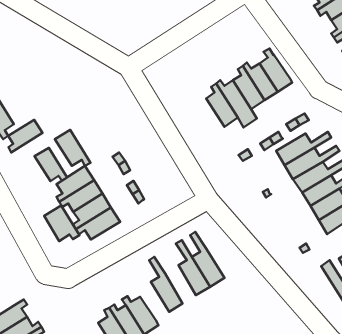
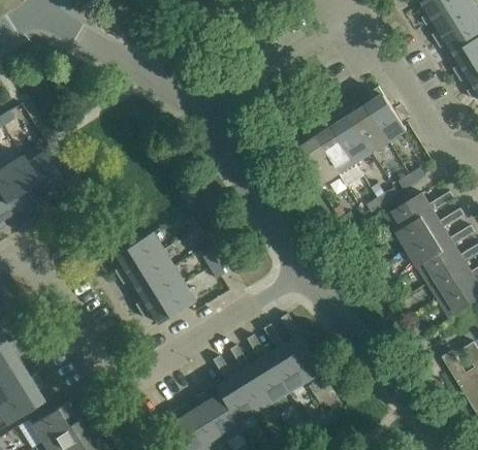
building: [8,120,42,152] -> none
building: [55,130,90,166] -> none
building: [35,148,67,181] -> none
building: [44,206,79,241] -> none
building: none -> [246,334,287,403]
building: none -> [212,355,254,423]

